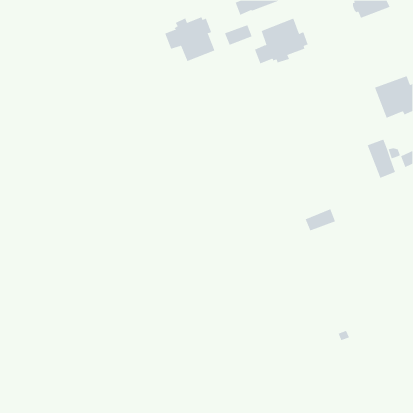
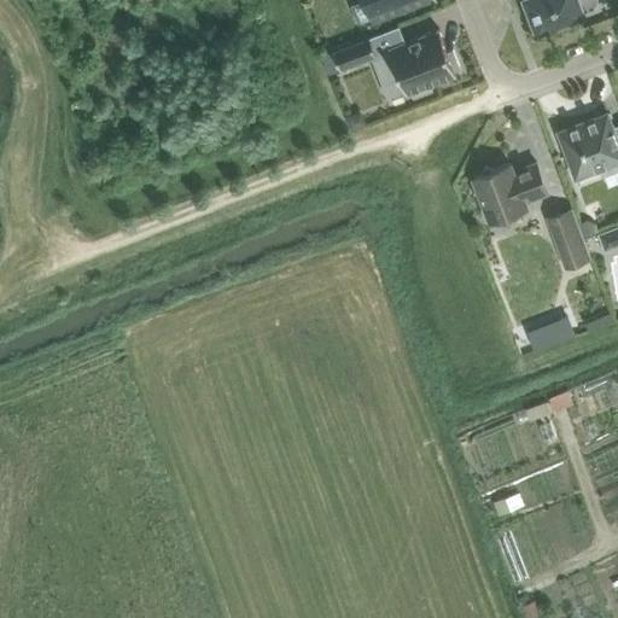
building: [165,16,215,62] -> none
building: none -> [473,164,547,222]
building: [305,209,336,231] -> [529,316,575,350]

